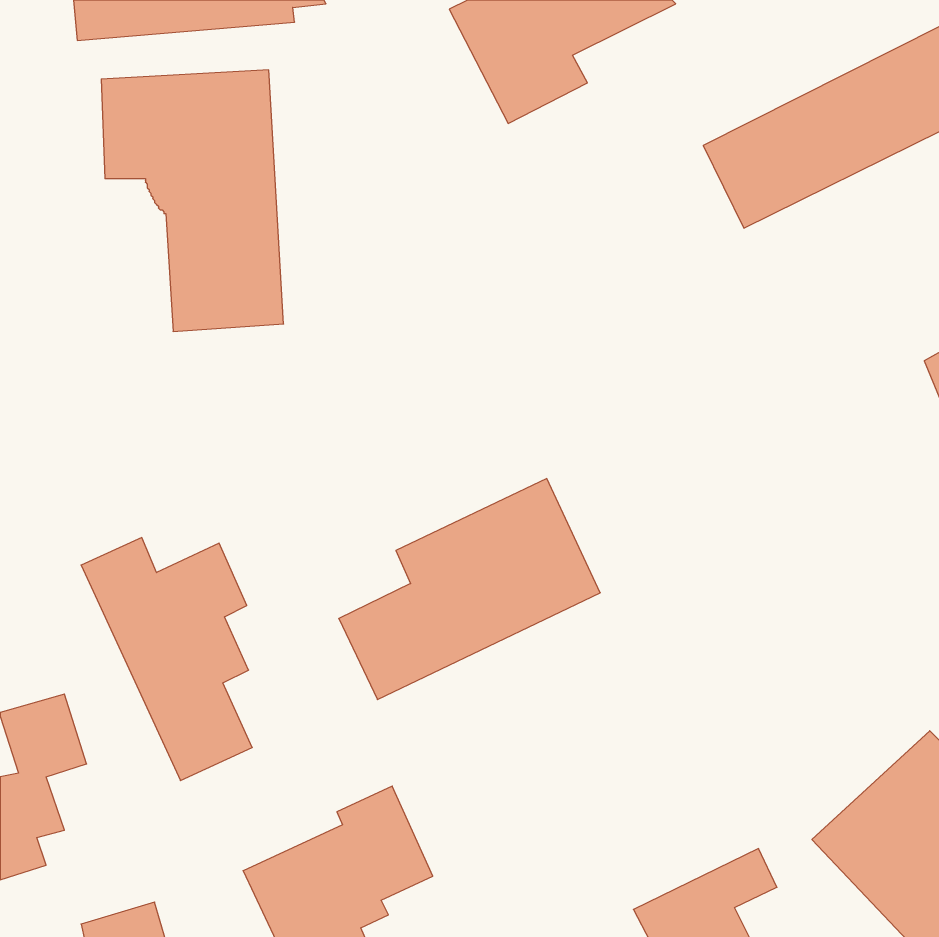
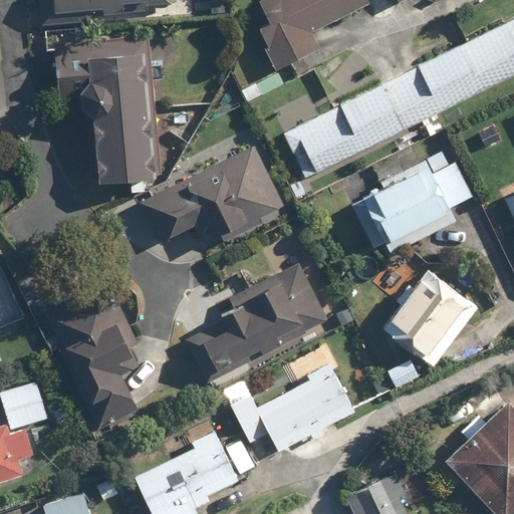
building: none -> [282,81,407,177]
building: none -> [142,148,283,243]
building: none -> [367,150,476,240]
building: none -> [384,271,476,363]
building: none -> [224,347,354,451]

